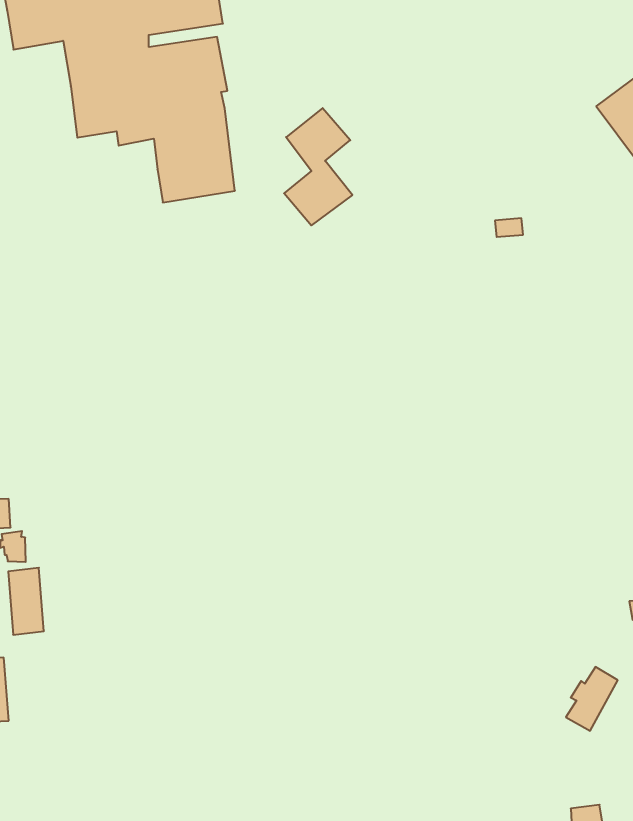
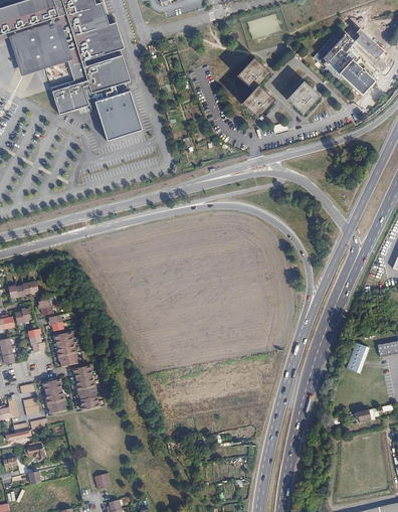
building: [284,108,352,225] -> [238,60,275,120]
building: none -> [286,84,320,118]
building: none -> [72,364,98,409]

